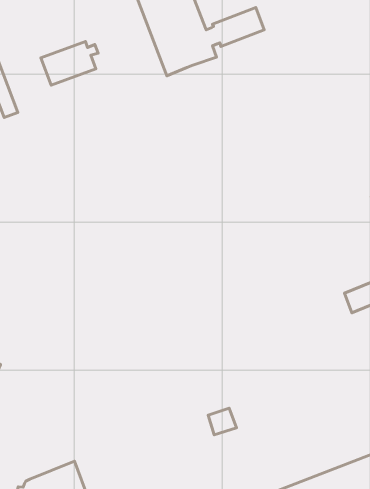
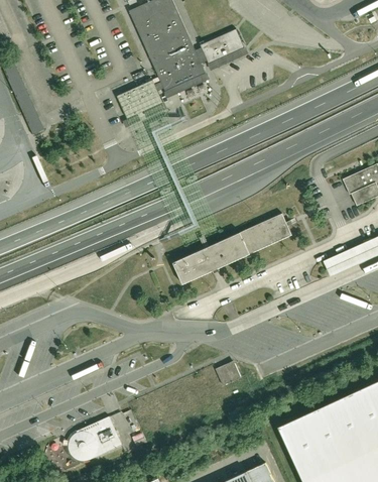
building: [41,41,98,85] -> [117,79,164,117]
building: none -> [175,214,291,286]

